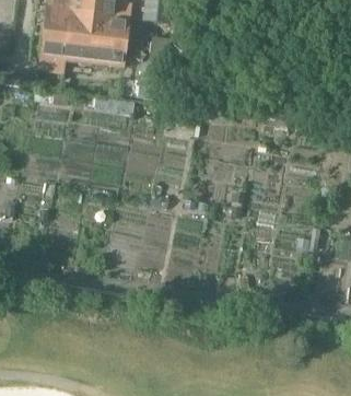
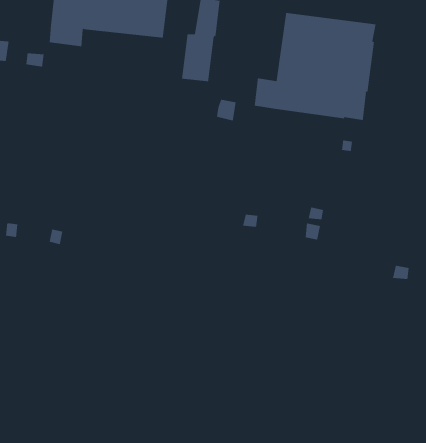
building: none -> [254,12,376,121]

